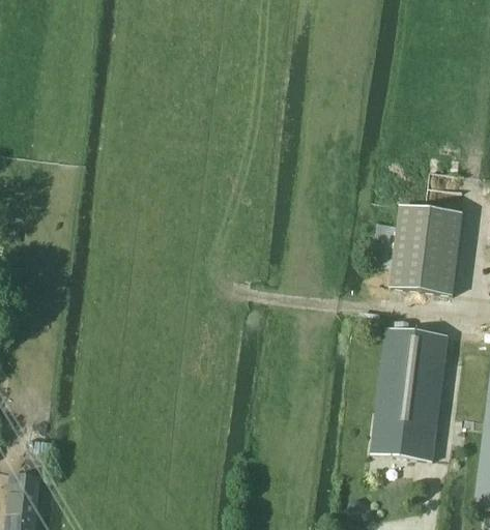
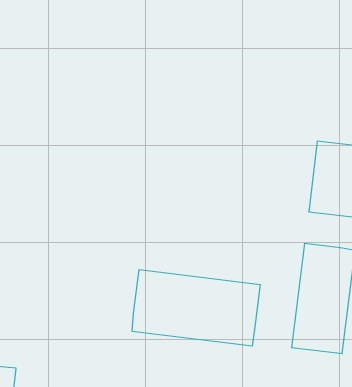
building: none -> [132,270,260,346]

